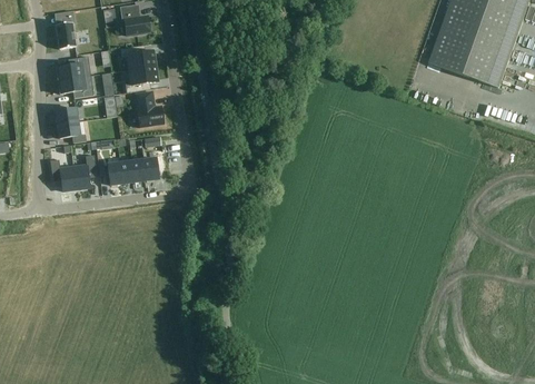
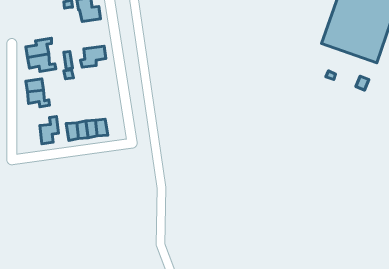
building: [56,17,76,48] -> none
building: [120,46,155,69] -> none
building: [136,91,164,127] -> none
building: [50,159,76,190] -> none

